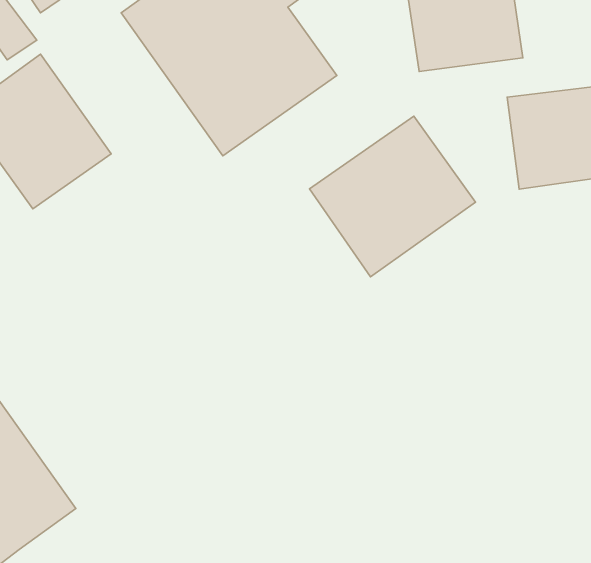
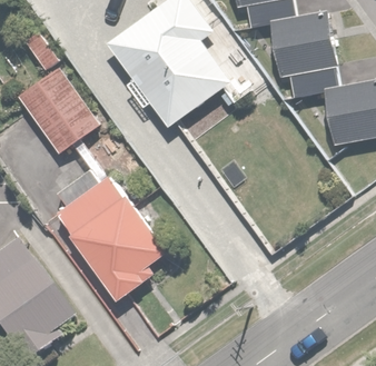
building: [309,116,475,277] -> none
building: none -> [55,174,167,298]

